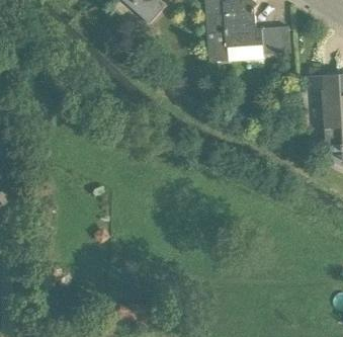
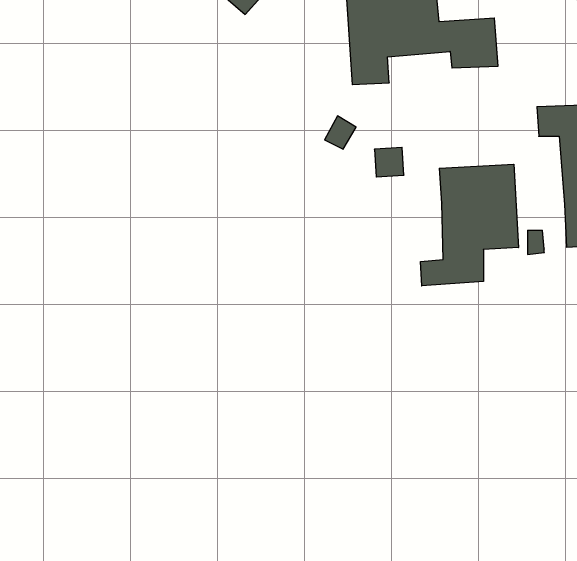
building: none -> [421,164,518,286]

